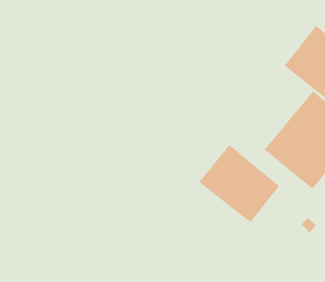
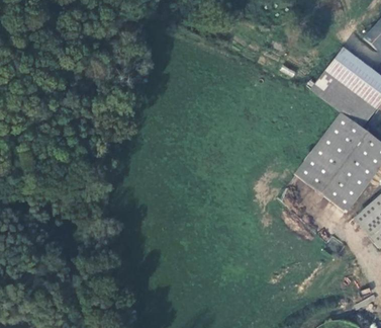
building: [199,144,280,222] -> none

